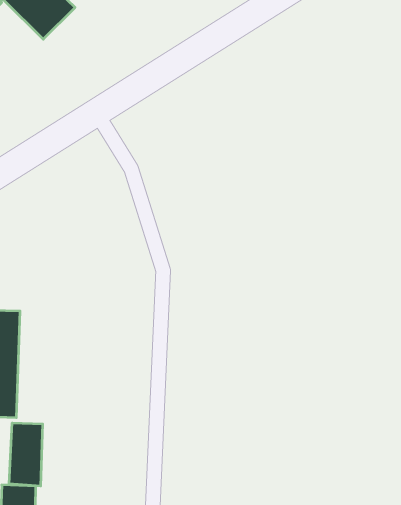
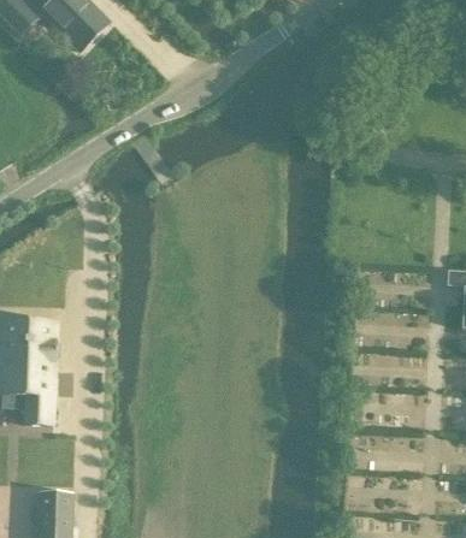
building: [9,423,43,486] -> none

